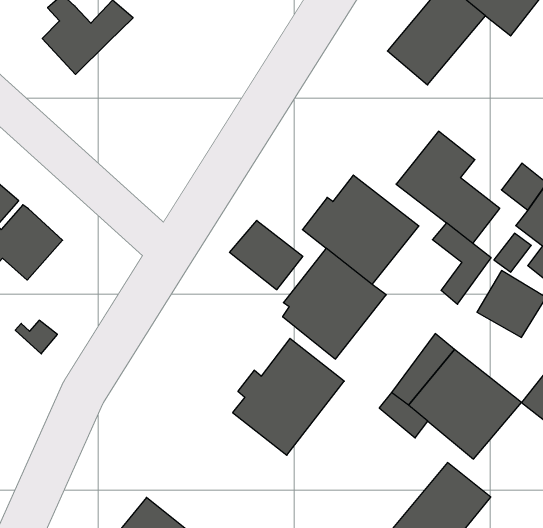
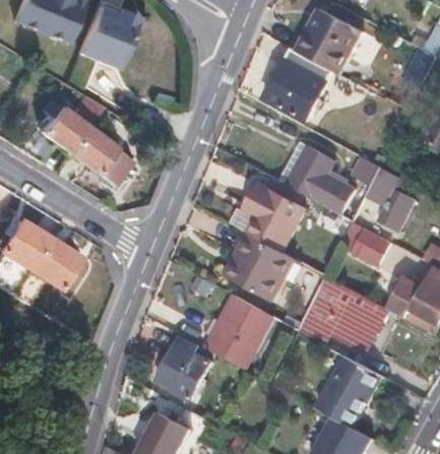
building: none -> [67,124,129,182]
building: [230,220,303,290] -> none
building: none -> [156,337,208,398]

